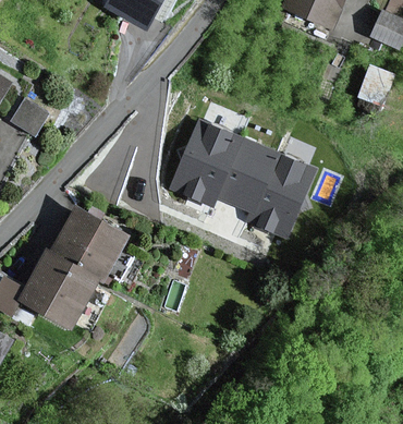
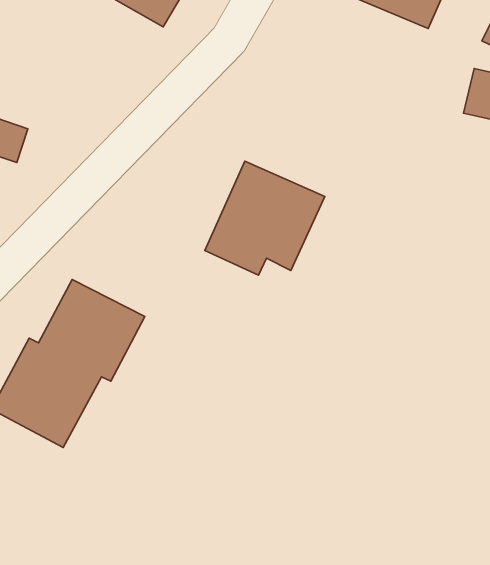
building: [233,147,312,234] -> none

